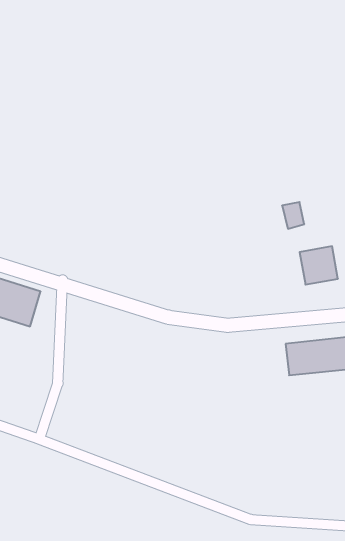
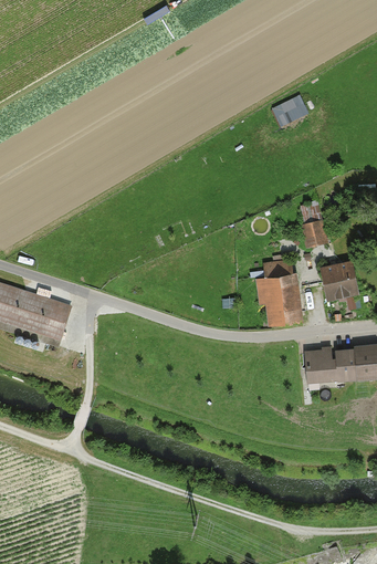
building: none -> [272,94,310,125]
building: none -> [262,272,303,331]

